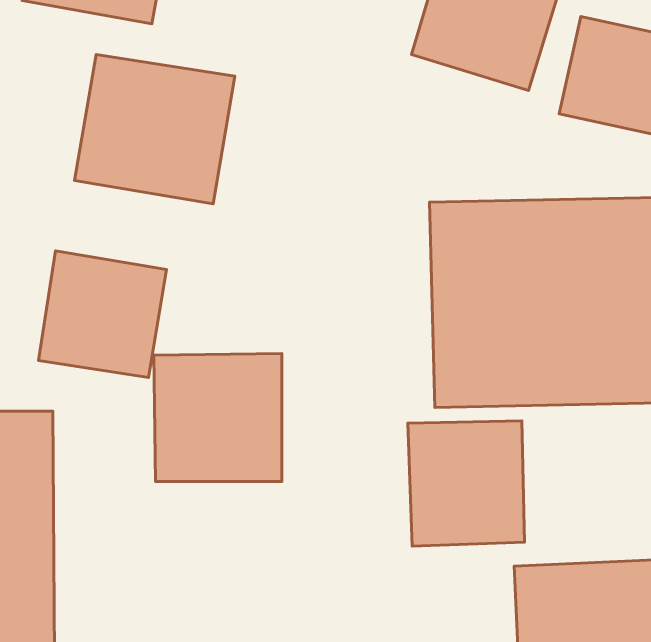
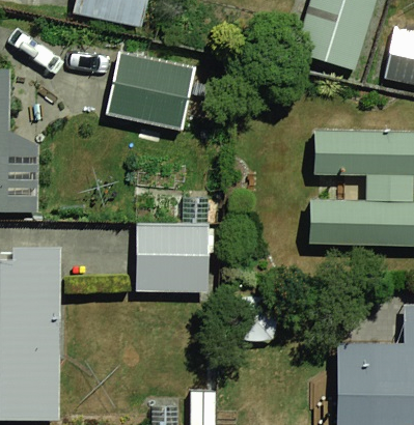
building: [39,251,167,377] -> none
building: [408,421,524,546] -> none

